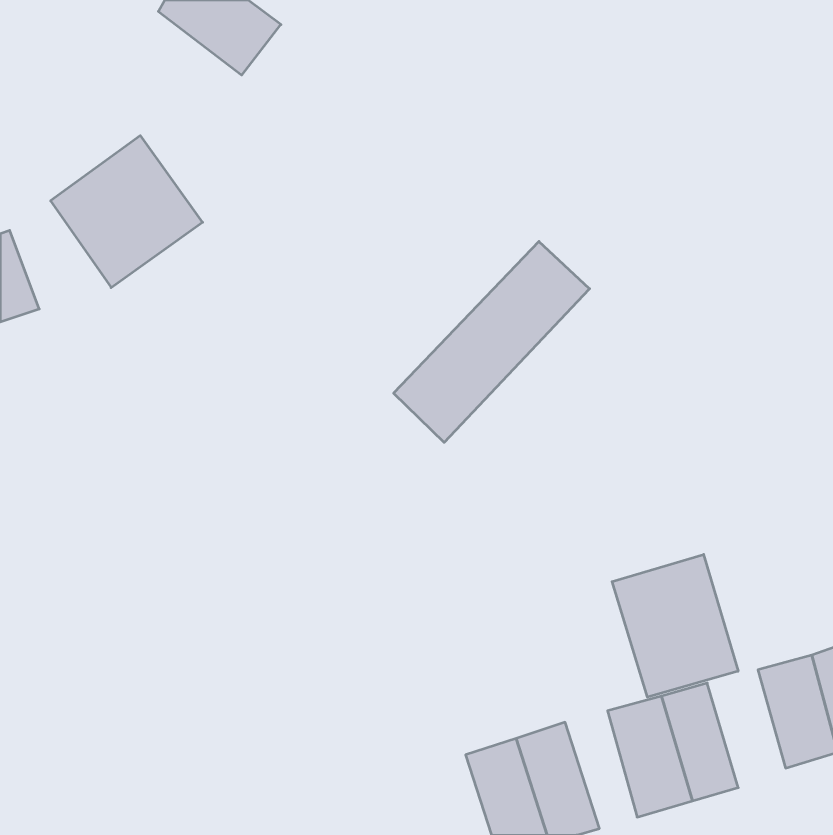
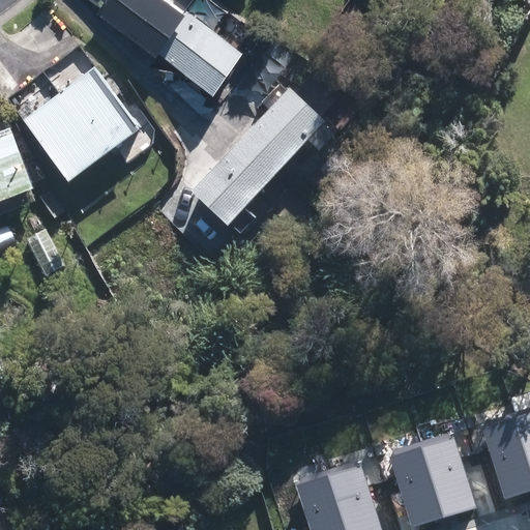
building: none -> [169,24,233,86]
building: [394,241,590,442] -> [192,102,316,230]
building: [612,554,738,697] -> none

